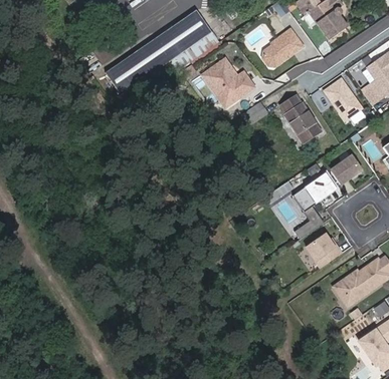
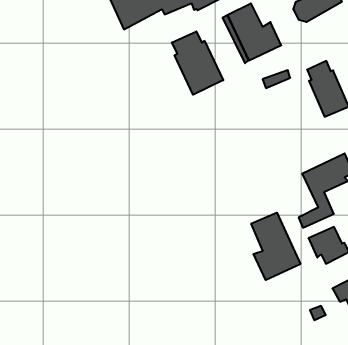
building: none -> [172,31,223,95]
building: none -> [251,213,300,280]

